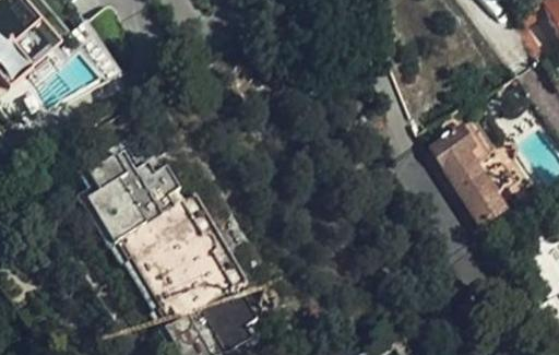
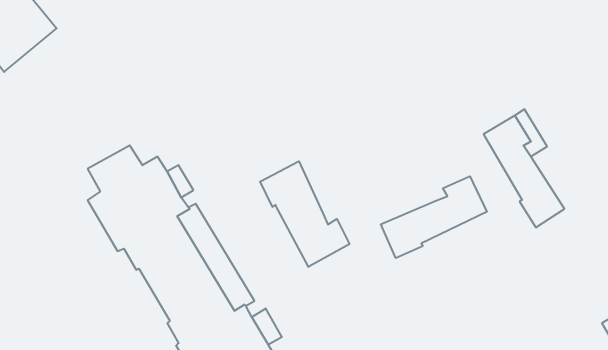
building: none -> [260,161,349,267]
building: none -> [381,176,487,258]

